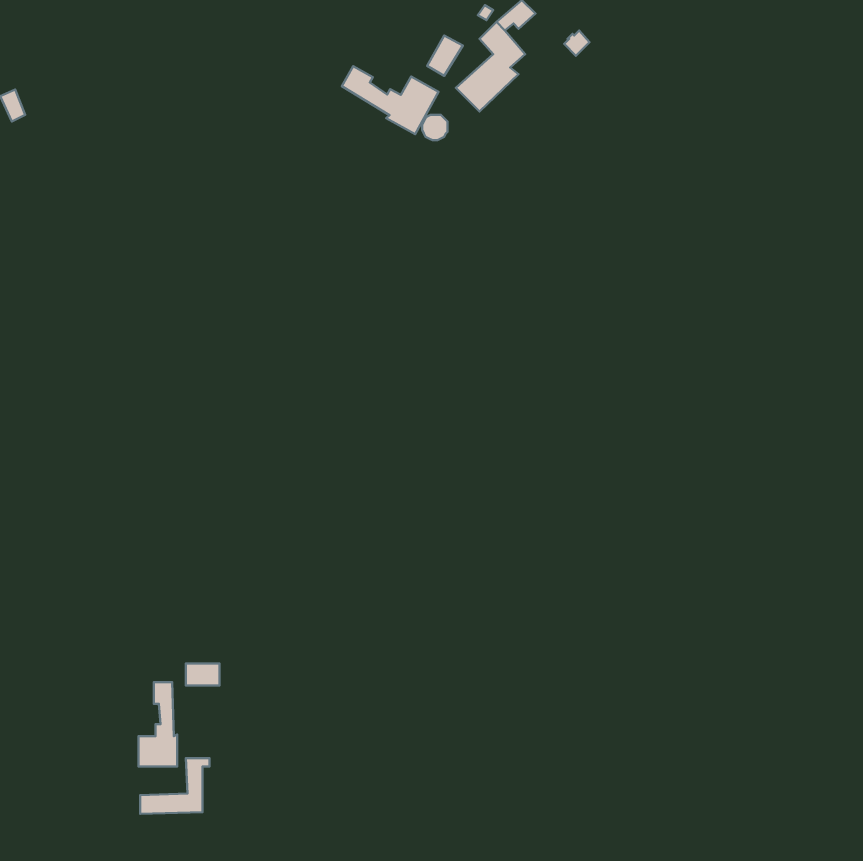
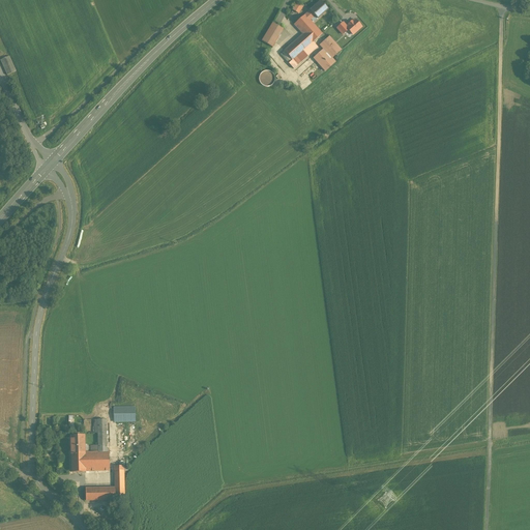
building: none -> [314,36,341,70]
building: [342,66,439,134] -> none
building: none -> [70,435,87,471]

